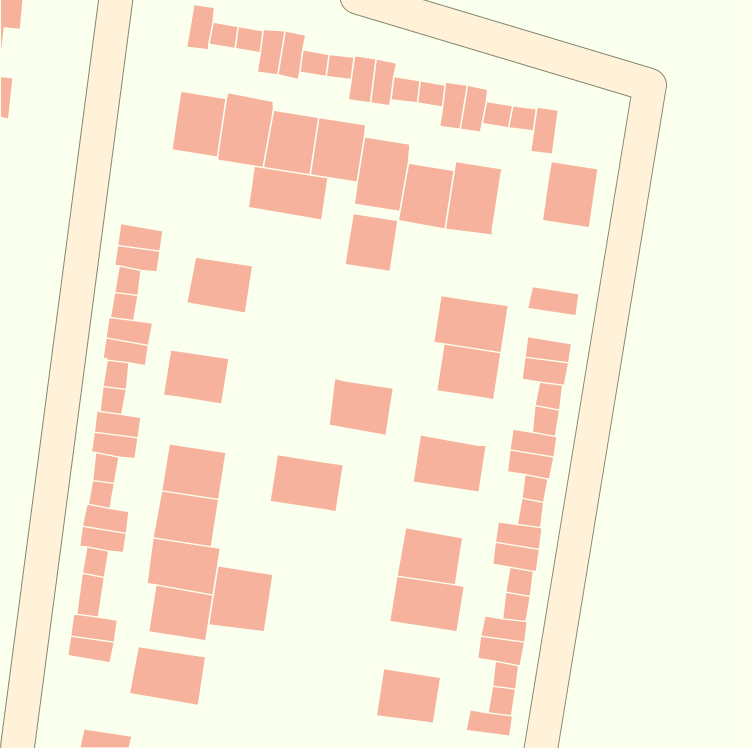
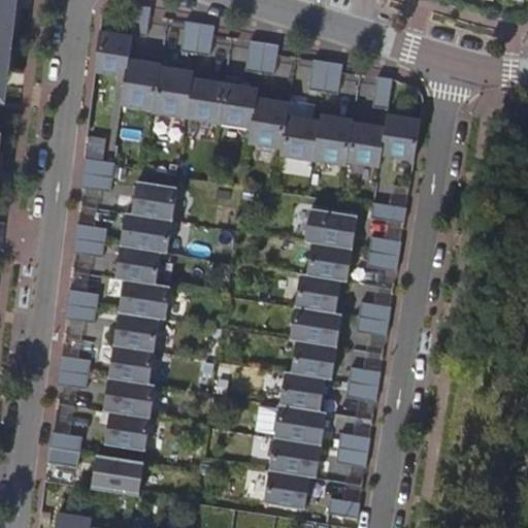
building: none -> [94,30,131,76]
building: [248,166,328,220] -> none
building: none -> [345,122,385,167]
building: [345,213,398,271] -> none
building: none -> [120,212,172,253]
building: [329,378,393,435] -> [295,272,340,312]
building: [270,454,343,512] -> [119,278,170,319]
building: none -> [291,339,336,377]
building: [208,566,273,632] -> none
building: none -> [269,436,321,476]

